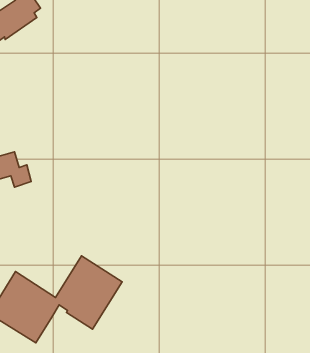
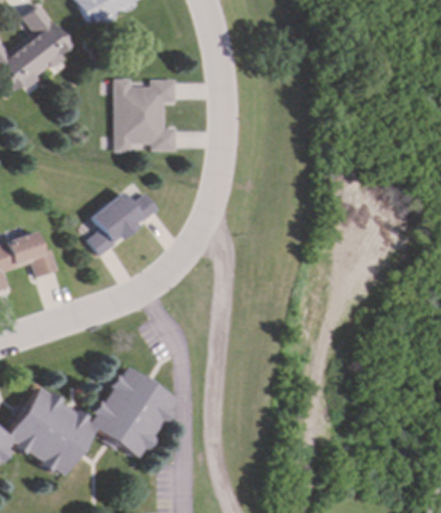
building: none -> [114,78,176,151]
building: none -> [86,191,158,254]

